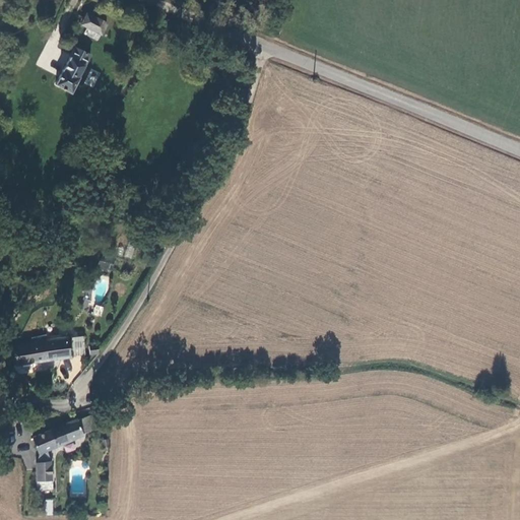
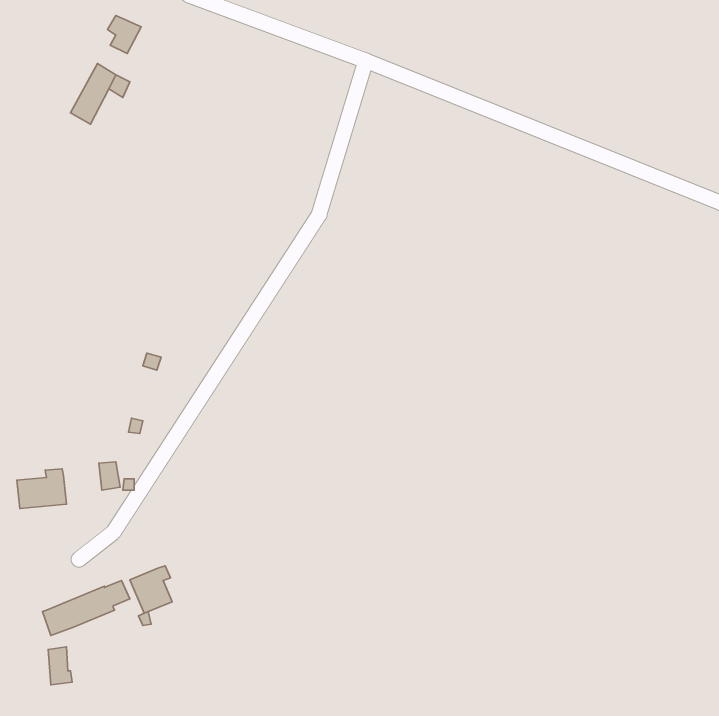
building: [48,340,71,363] -> none
building: none -> [130,566,172,613]

